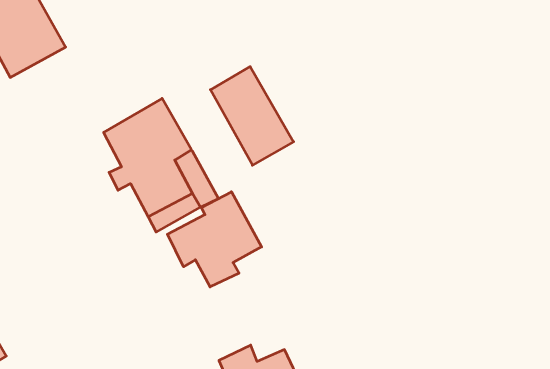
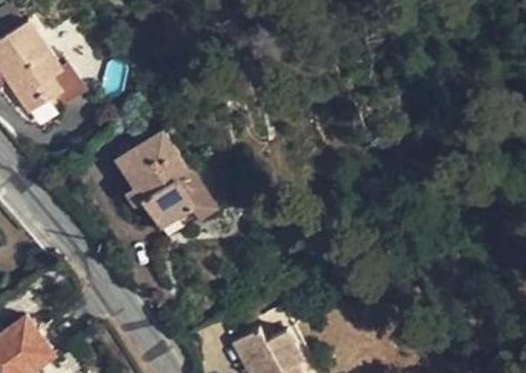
building: [210,67,294,165] -> none
building: [167,192,262,287] -> none

